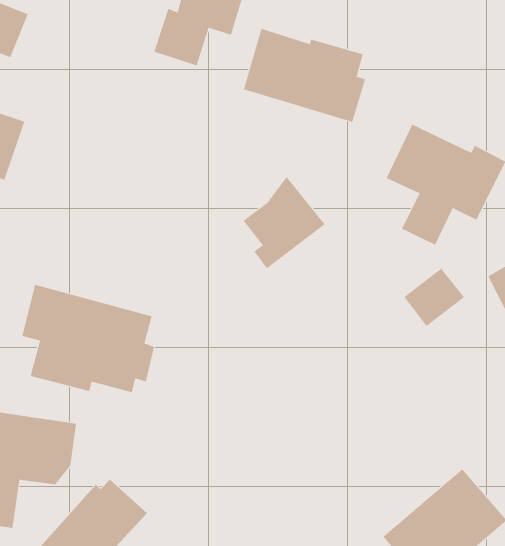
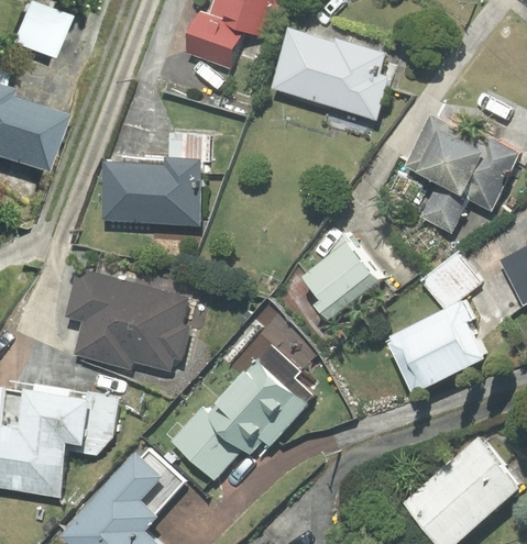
building: none -> [101,133,210,223]
building: [243,176,325,269] -> [303,235,380,322]
building: none -> [384,300,483,393]
building: none -> [172,307,317,479]

